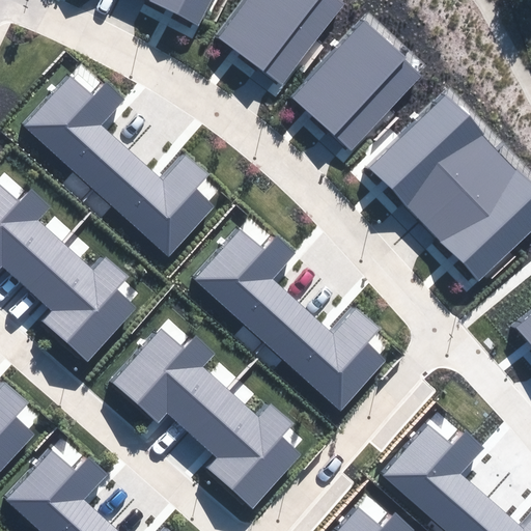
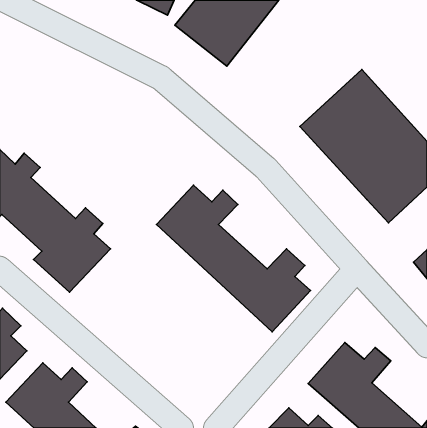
building: [289,25,423,160] -> none
building: [23,76,214,257] -> none
building: [110,327,302,508] -> none

